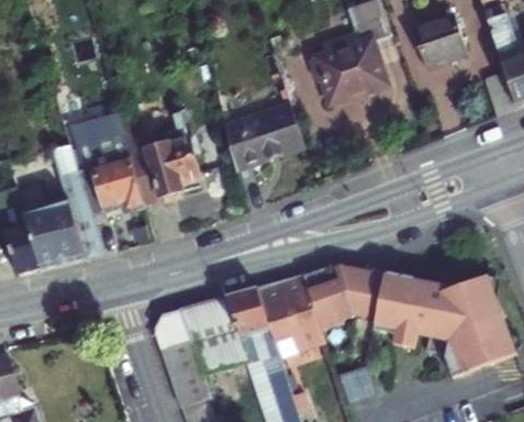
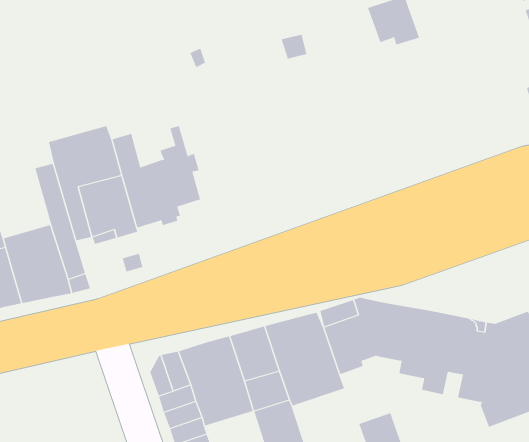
building: [411,12,467,68] -> none
building: [310,32,383,99] -> none
building: [222,103,303,167] -> none

